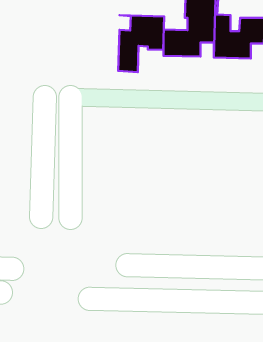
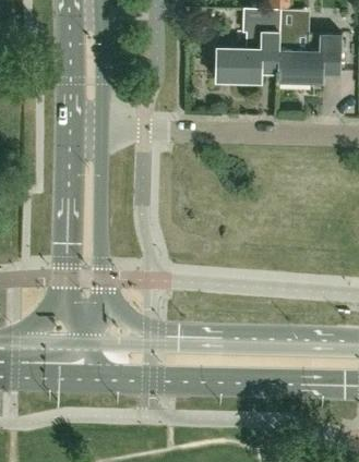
building: [118,15,164,72] -> none

